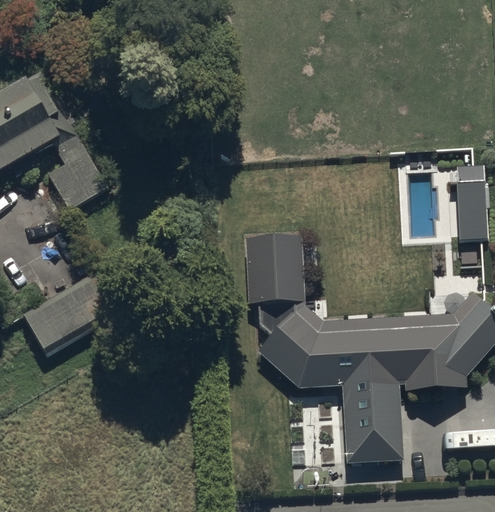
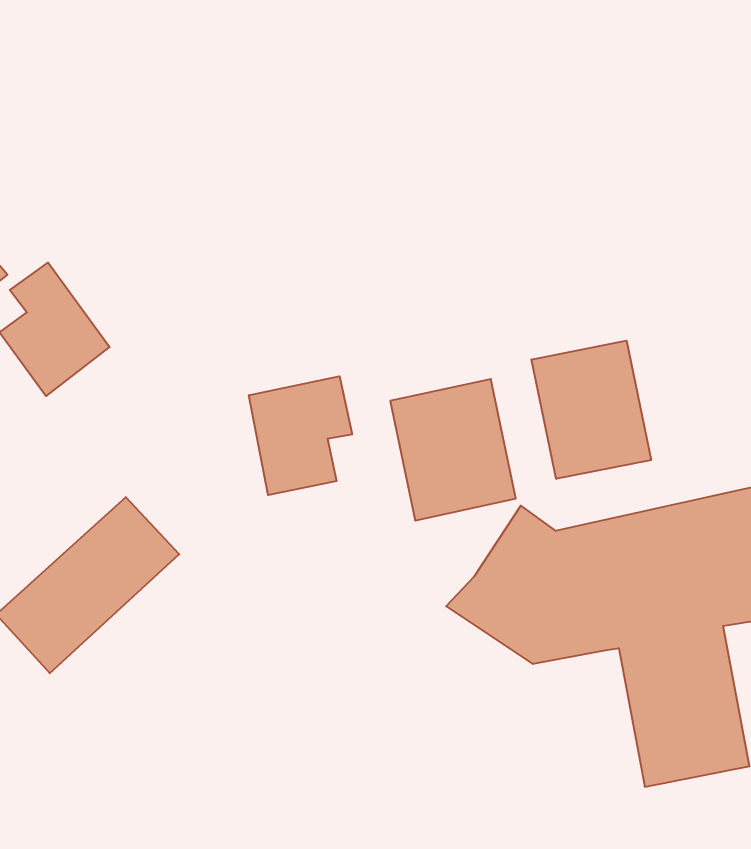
building: none -> [249,376,352,495]
building: none -> [531,341,651,479]

